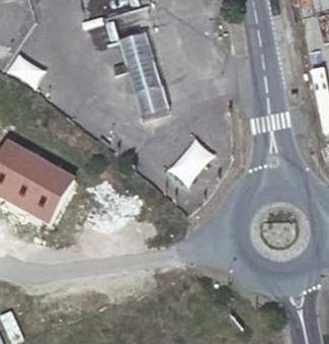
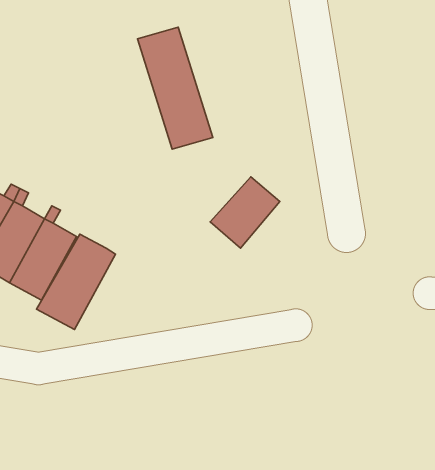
building: none -> [36,234,116,330]

